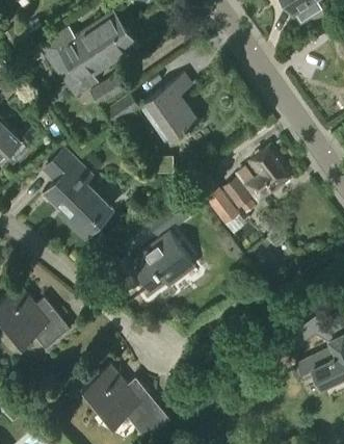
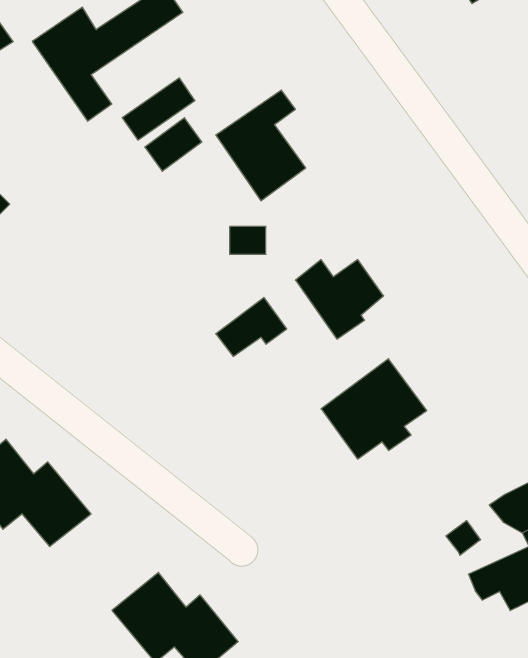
building: [70,28,136,83] -> none
building: [245,146,293,202] -> none
building: [45,150,110,237] -> none
building: [128,232,191,292] -> [321,359,427,459]

